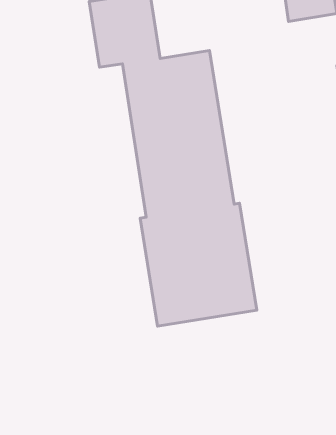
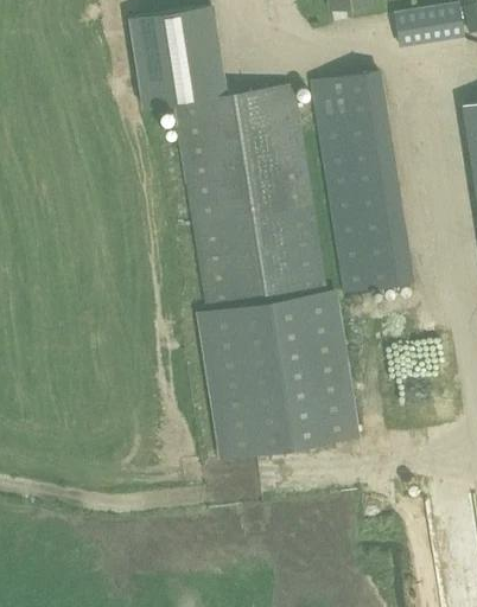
building: none -> [310,69,411,289]

